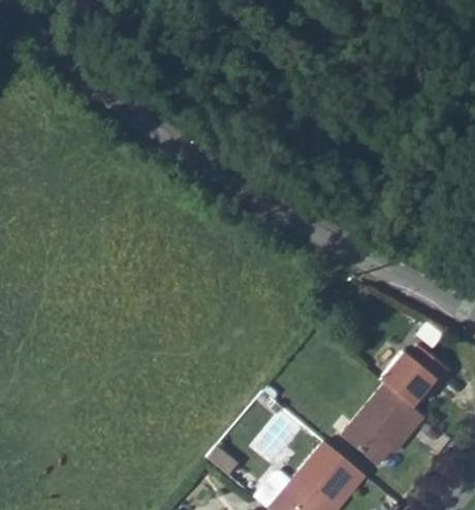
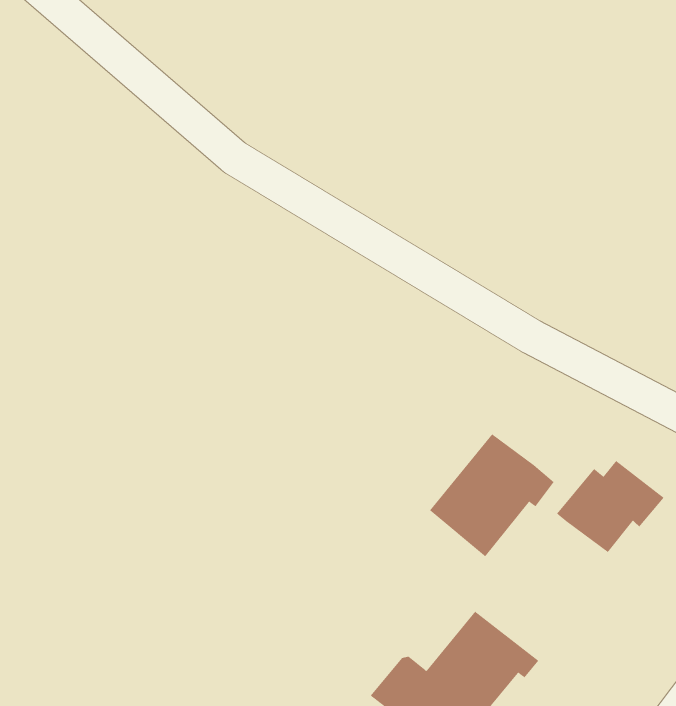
building: [343,385,425,467] -> [429,433,554,557]

